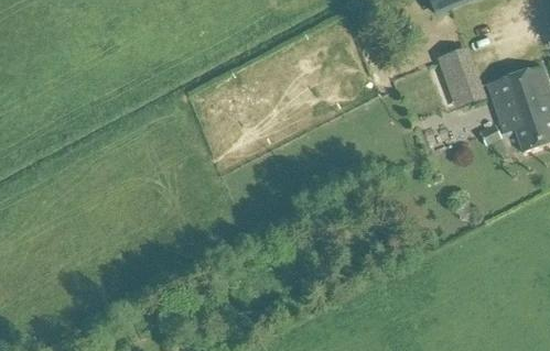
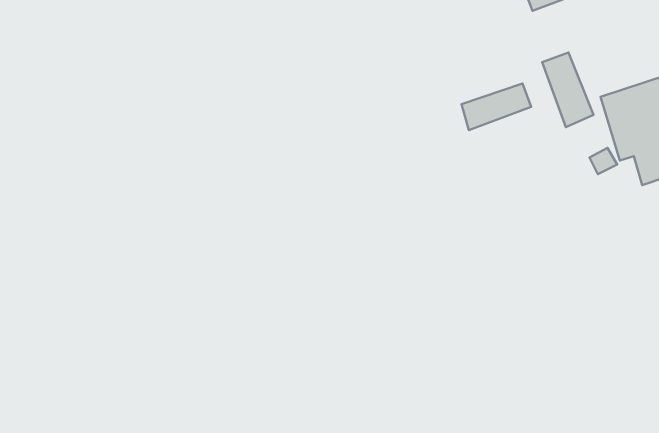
building: none -> [461,83,531,130]

